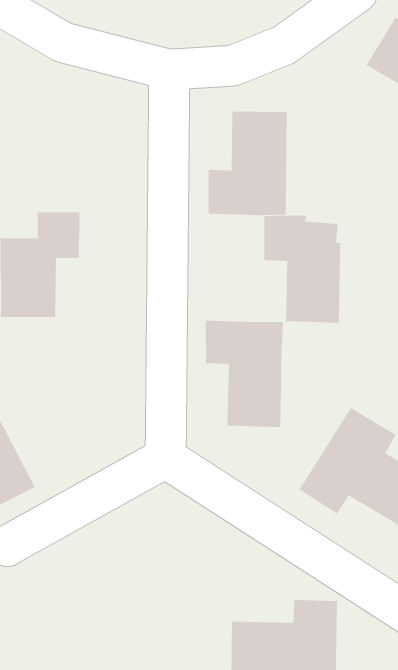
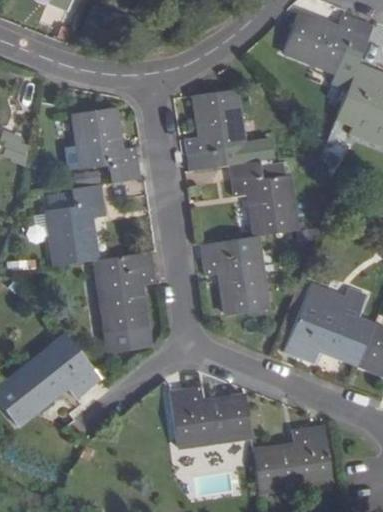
building: none -> [74,106,140,182]
building: none -> [97,250,156,350]
building: none -> [169,386,249,444]

